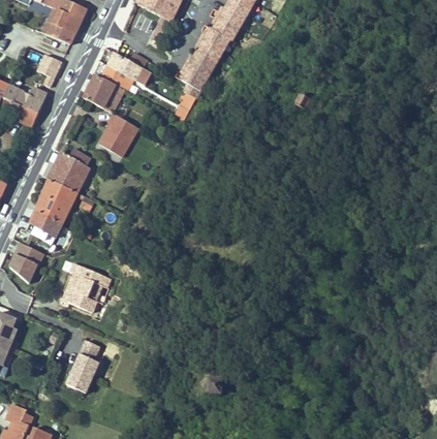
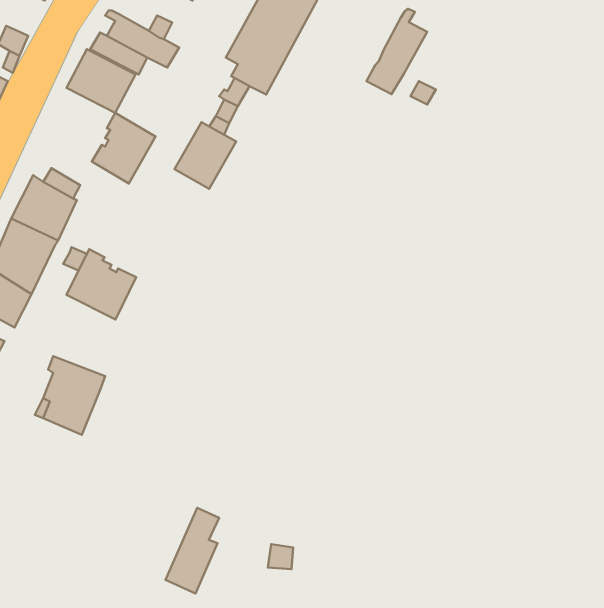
building: none -> [367,9,427,94]
building: none -> [175,122,236,189]
building: none -> [67,249,136,319]
building: [67,339,100,391] -> [165,508,219,593]

